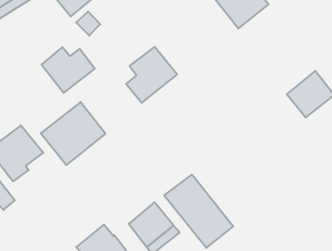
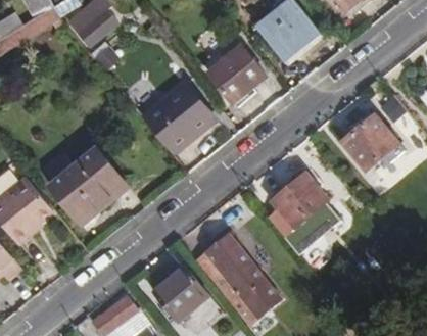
building: none -> [208,46,265,102]
building: [42,47,95,93] -> none
building: none -> [264,172,337,248]

